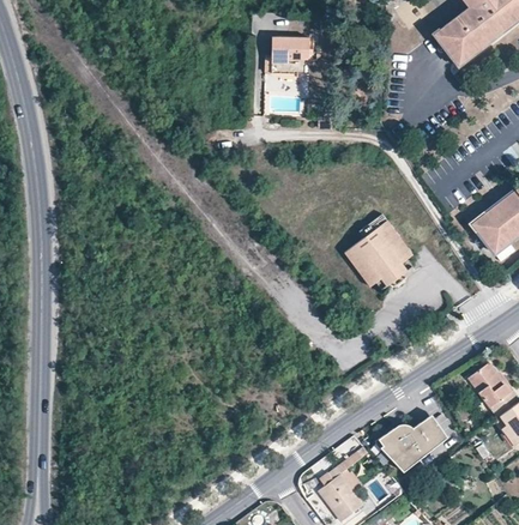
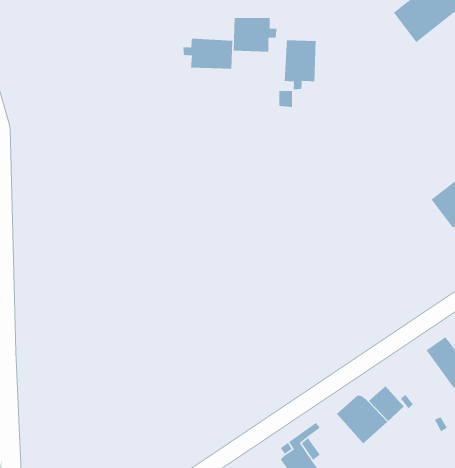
building: none -> [182,38,233,70]
building: none -> [284,40,316,90]
building: [344,215,414,290] -> none

